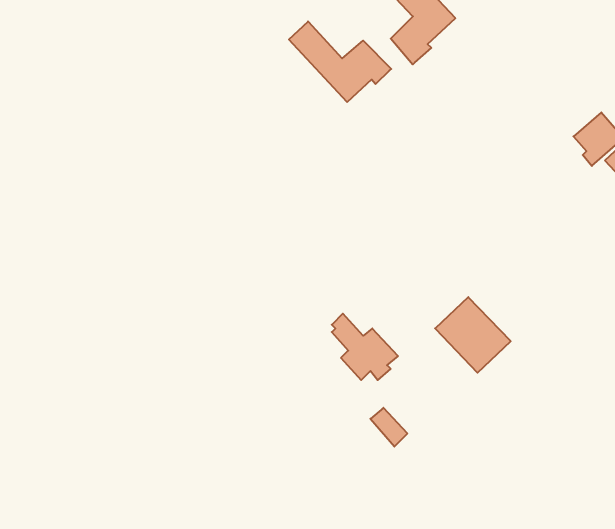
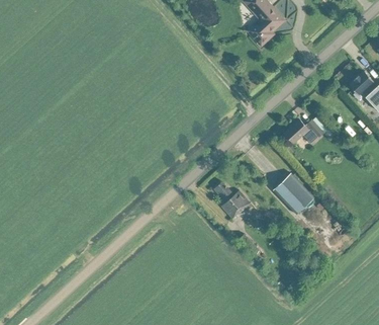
building: [289,21,391,102] -> none
building: none -> [285,119,324,144]

